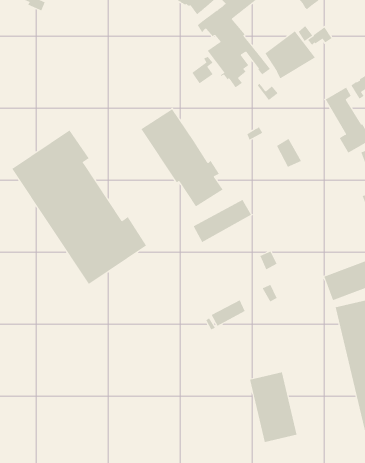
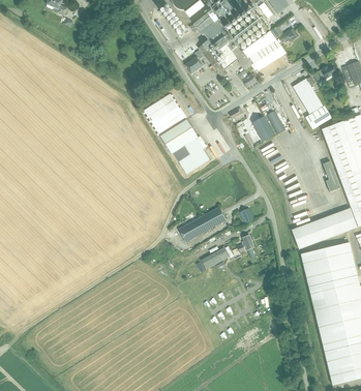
building: [11,130,147,285] -> none
building: [193,199,252,243] -> [179,207,227,242]
building: [250,371,297,443] -> none

